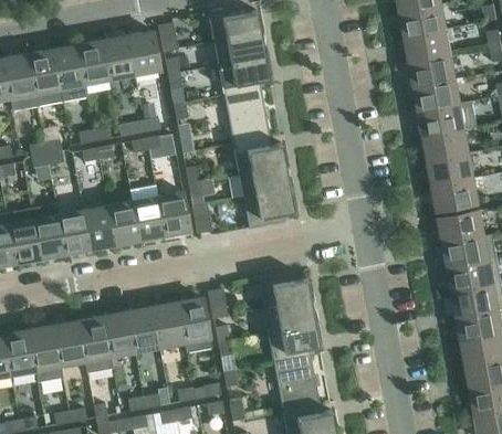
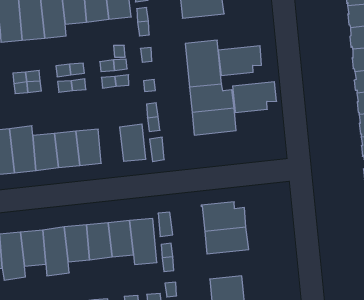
building: [218,59,269,96] -> [218,46,261,75]
building: [129,186,164,241] -> none
building: [242,191,294,230] -> [233,82,277,112]
building: [268,326,318,363] -> none

